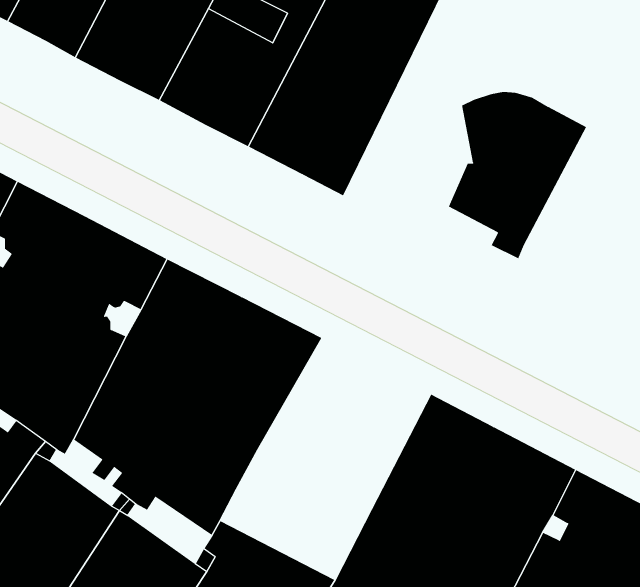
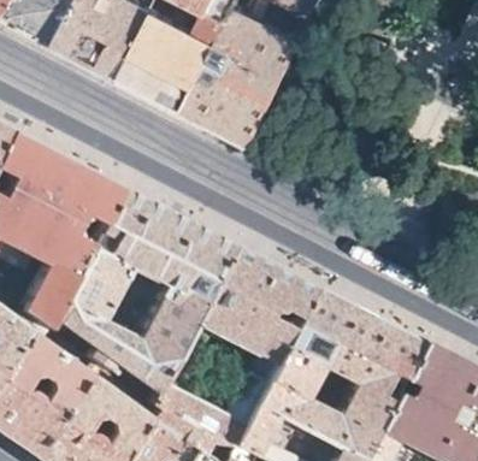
building: [448,91,587,259] -> none
building: none -> [194,248,320,373]

